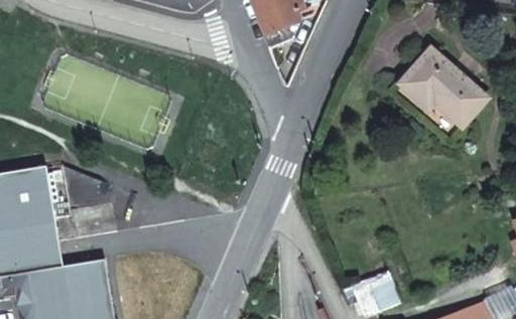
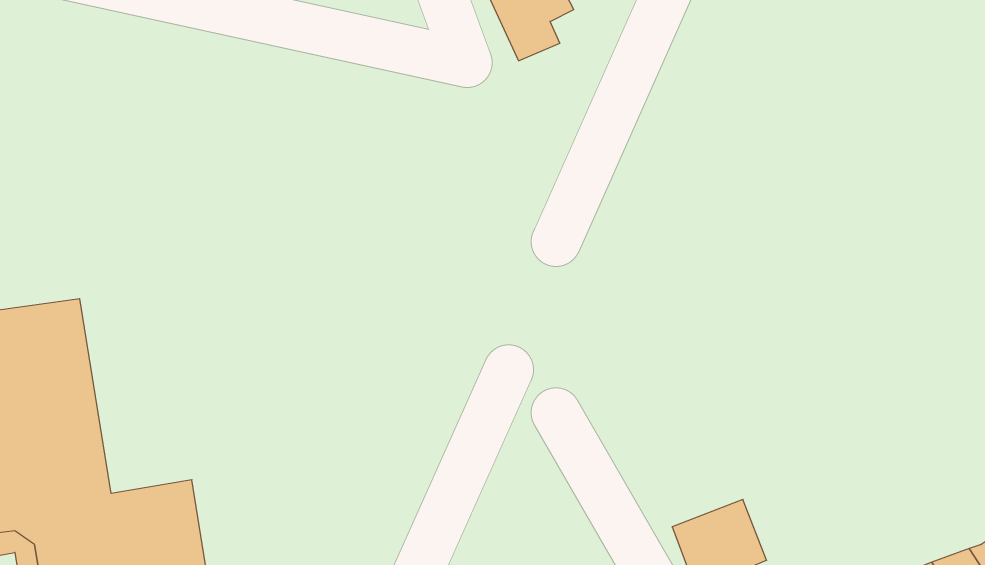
building: [395,48,485,127] -> none

